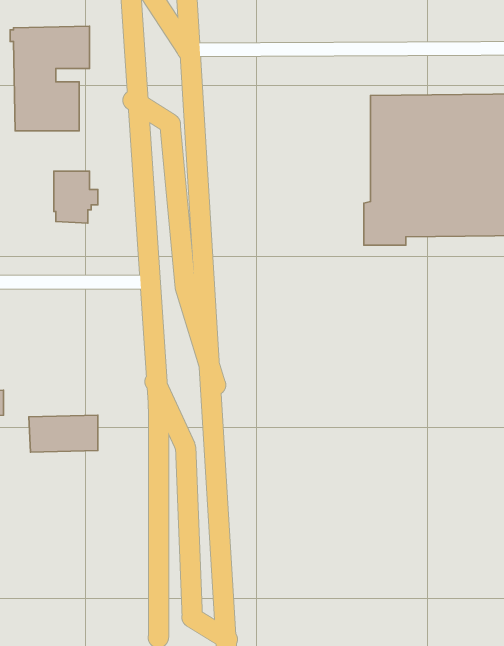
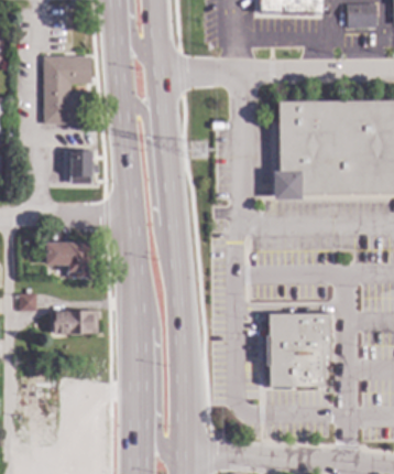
building: none -> [46,241,91,277]
building: none -> [266,313,330,386]

